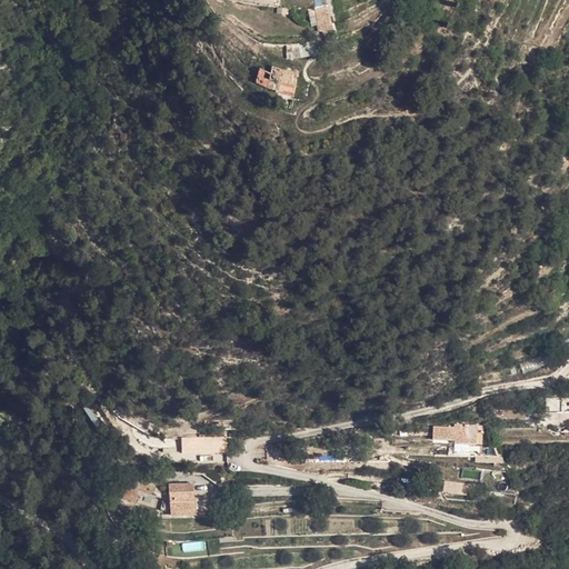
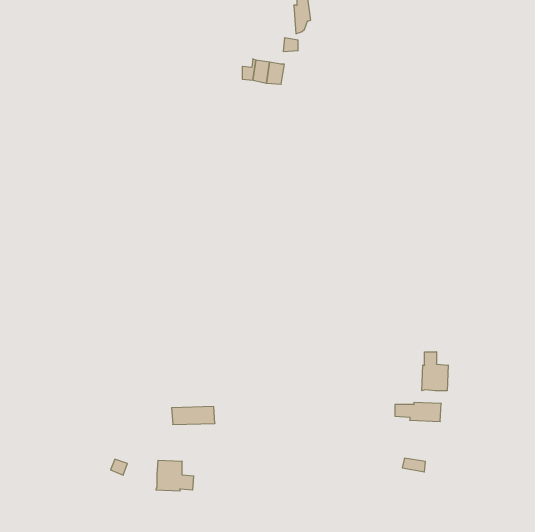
building: none -> [422,352,448,391]

